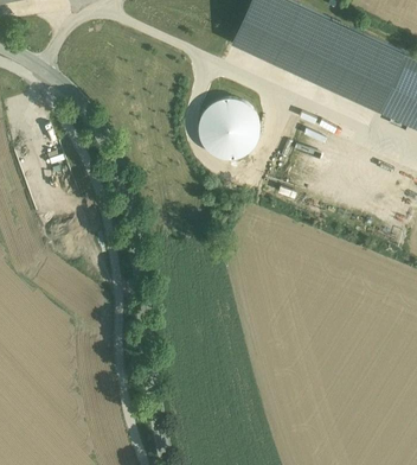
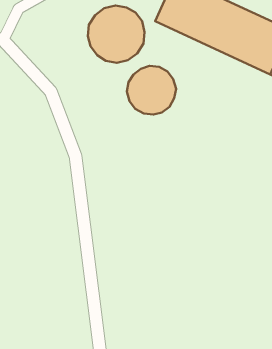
building: none -> [88,6,145,63]

